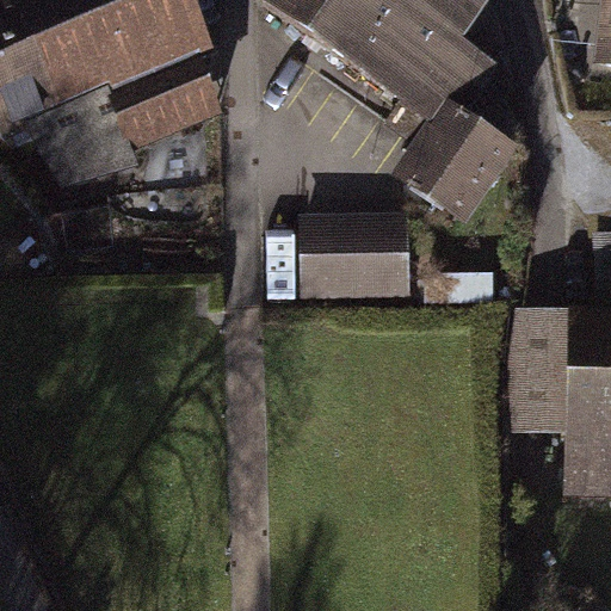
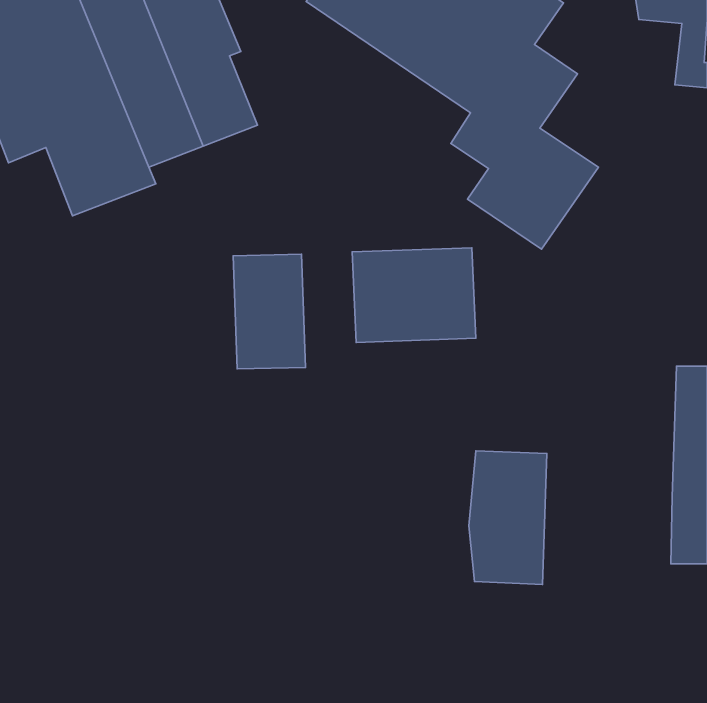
building: none -> [233,254,306,369]
building: [513,311,580,426] -> [469,451,547,584]

